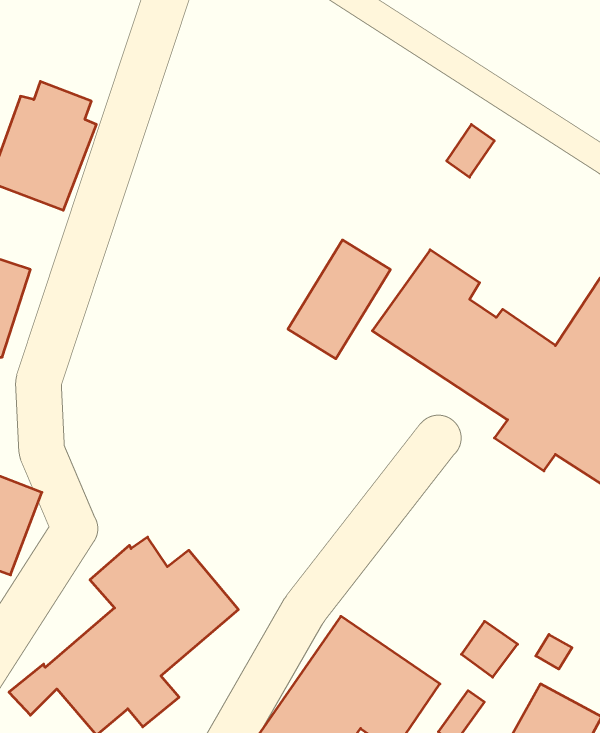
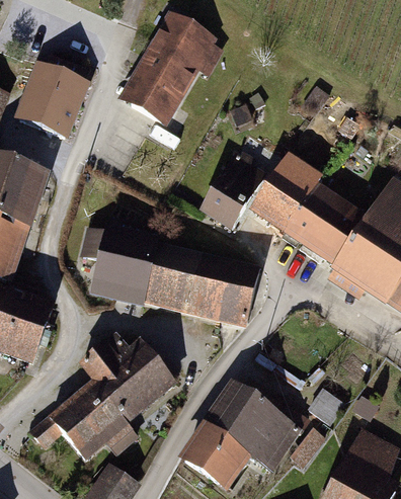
building: none -> [123,17,221,123]
building: none -> [82,230,259,321]

